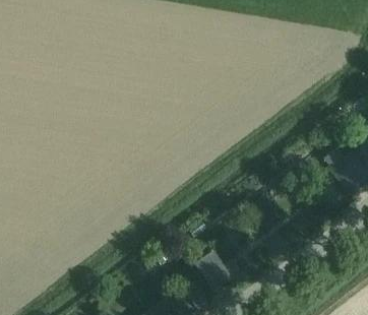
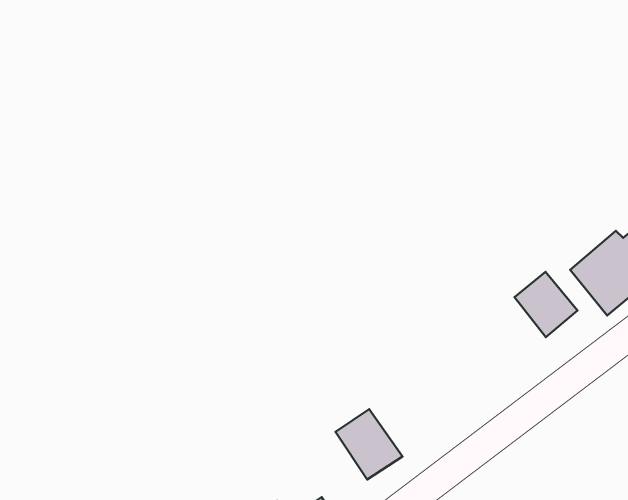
building: none -> [515,272,578,337]

